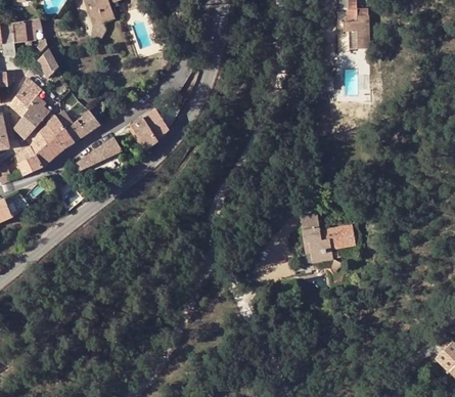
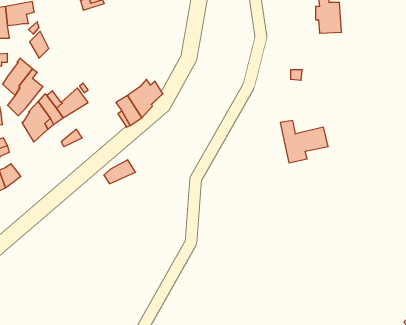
building: [87,136,121,162] -> [104,160,135,184]
building: [15,145,41,174] -> none
building: [305,219,356,264] -> [280,121,328,163]

